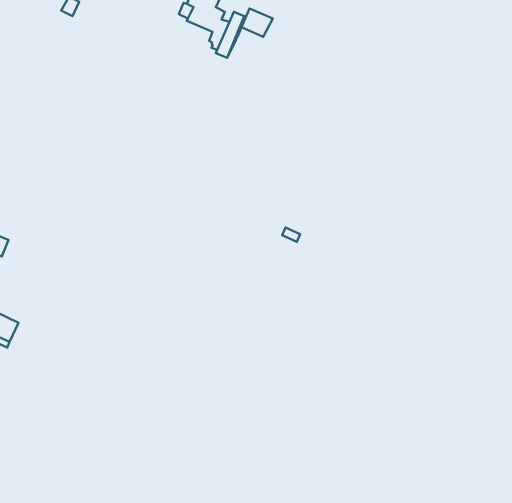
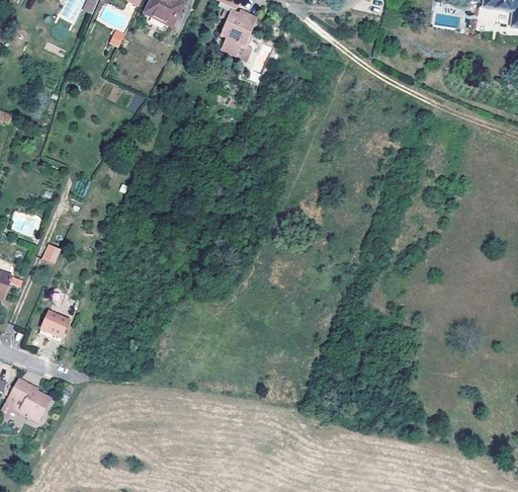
building: [242,9,273,37] -> none

